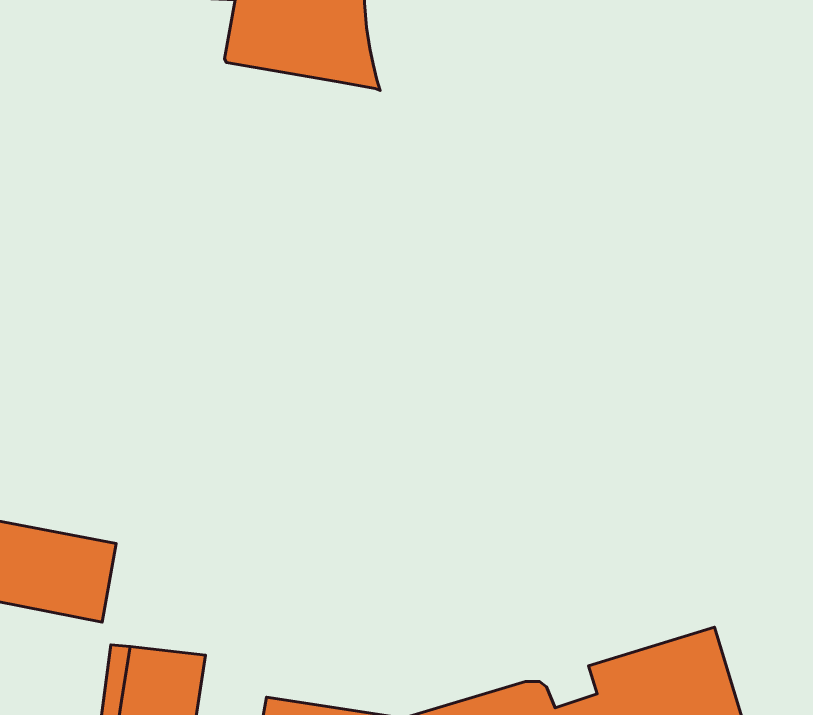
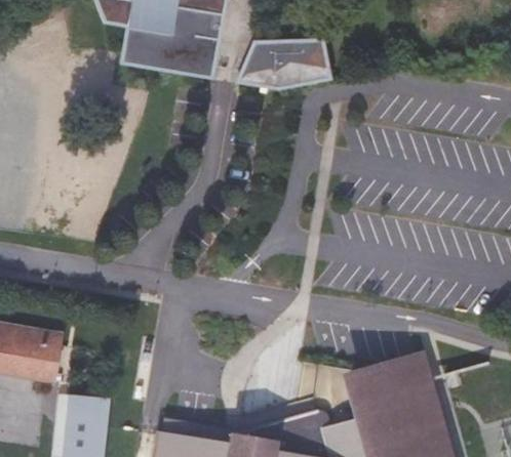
building: none -> [246,40,340,87]
building: none -> [337,364,420,413]

